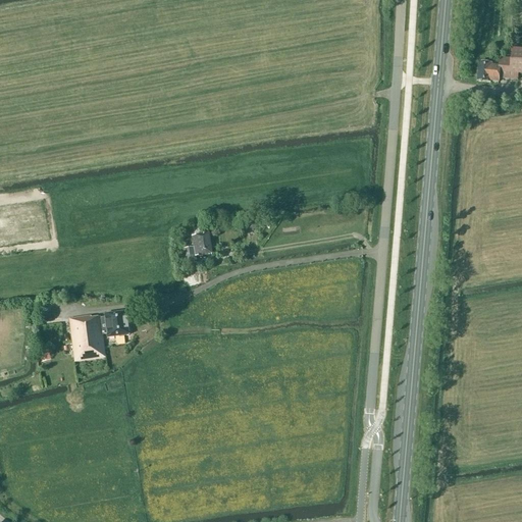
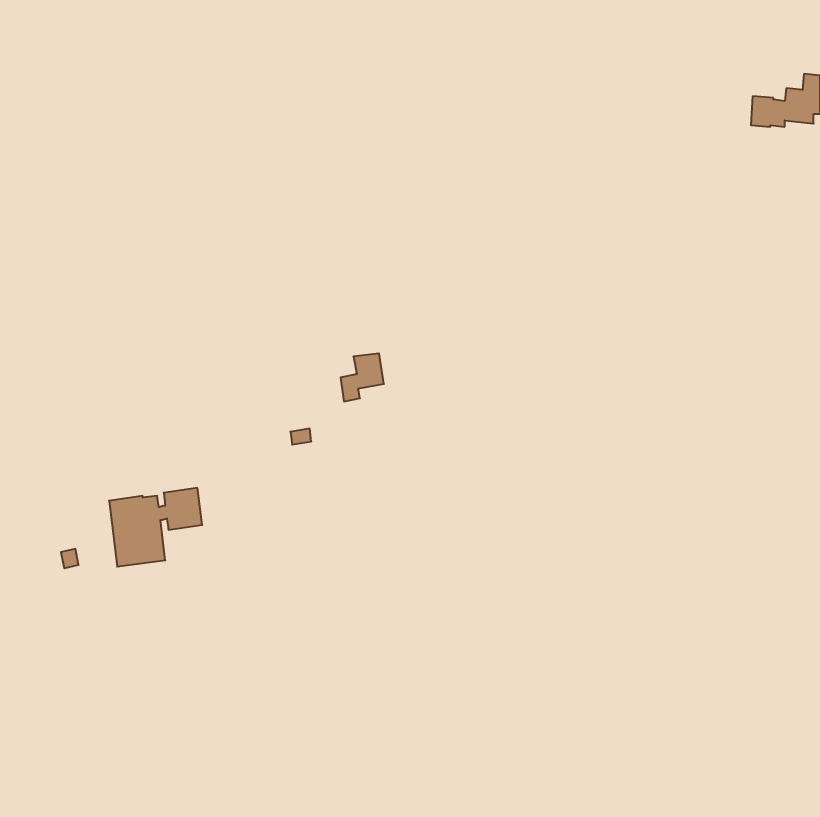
building: [184,232,211,263] -> [341,353,384,401]

